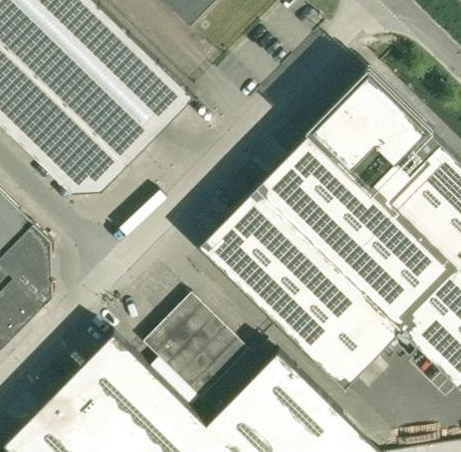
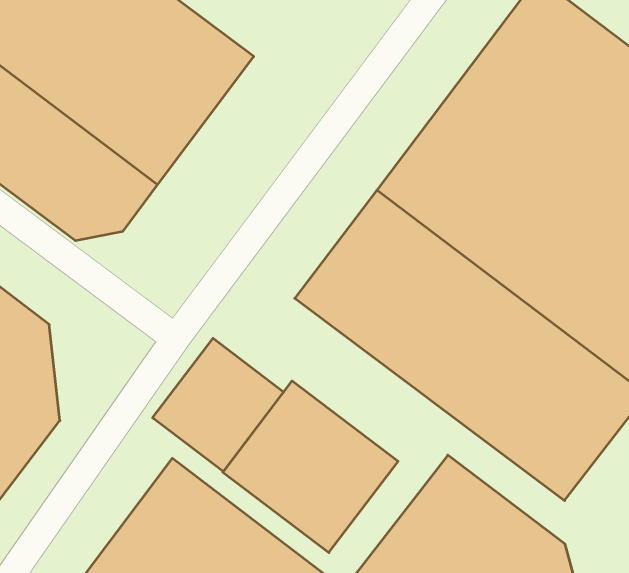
building: none -> [153,338,284,471]

